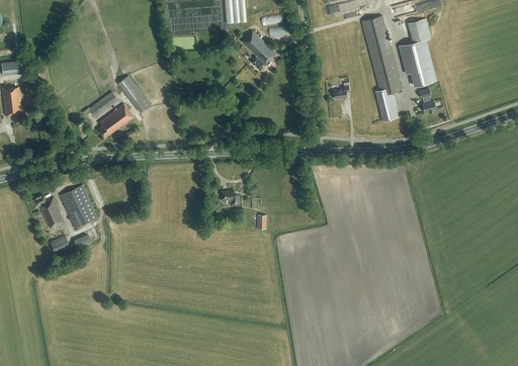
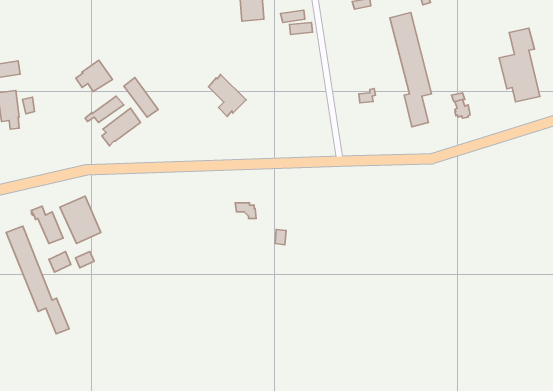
building: [399,19,436,87] -> [499,28,540,102]
building: [242,31,276,70] -> [209,75,246,116]
building: none -> [76,60,112,91]
building: none -> [6,226,69,334]

